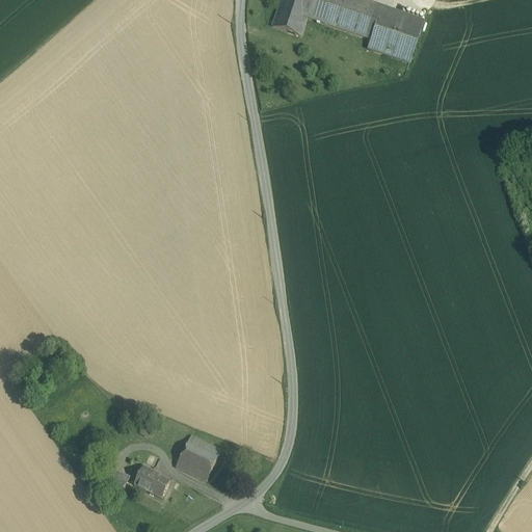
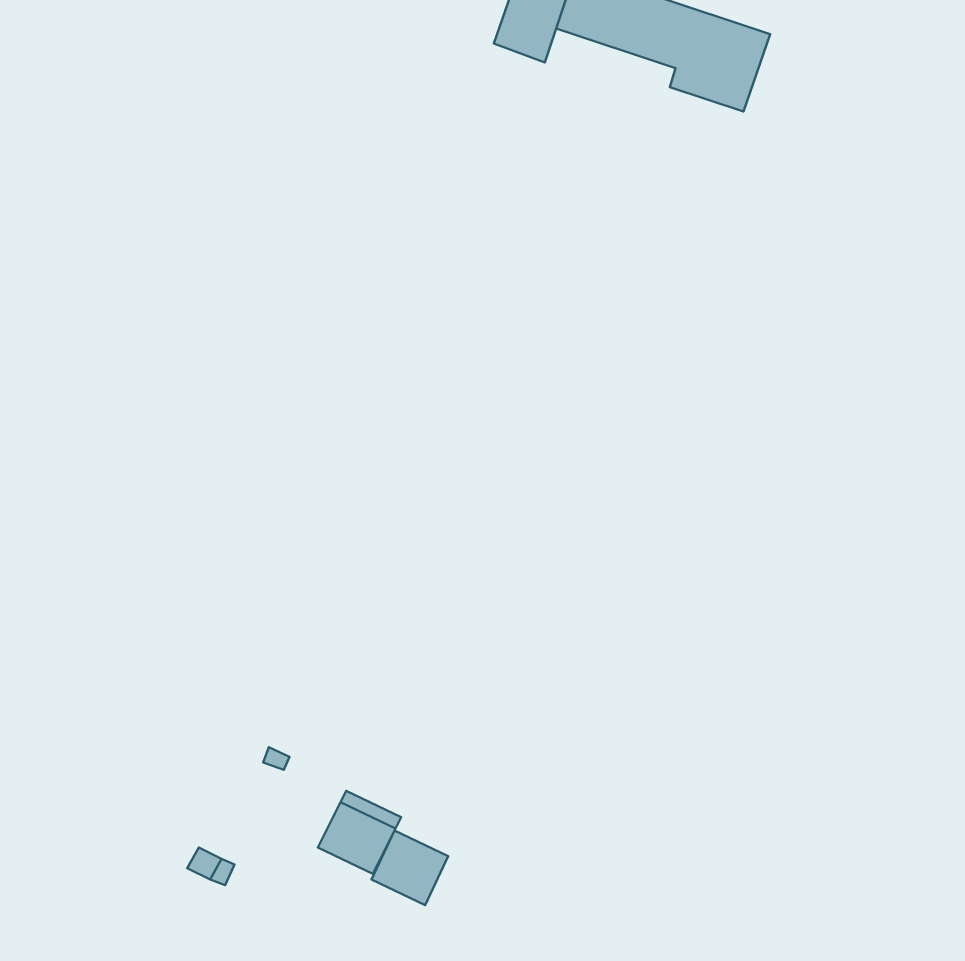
building: none -> [372,830,448,905]
building: [133,464,169,498] -> none

